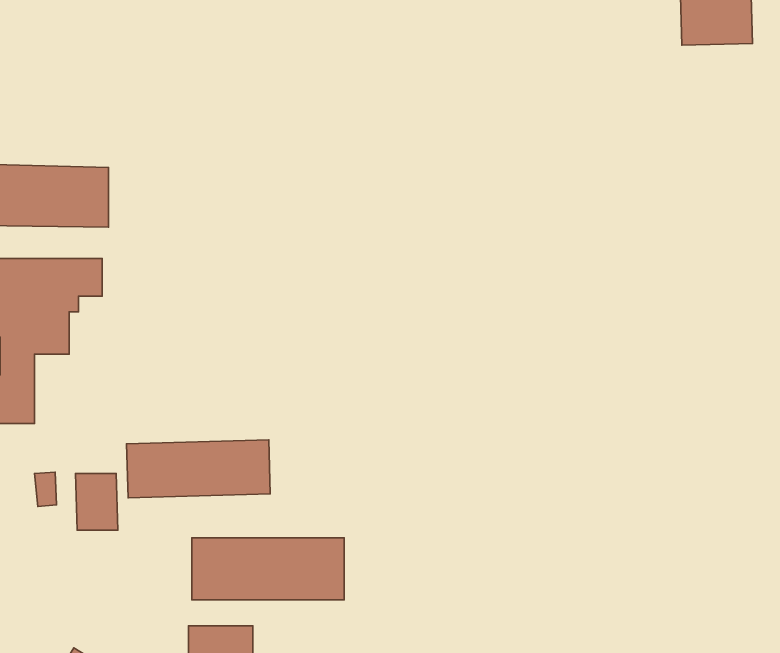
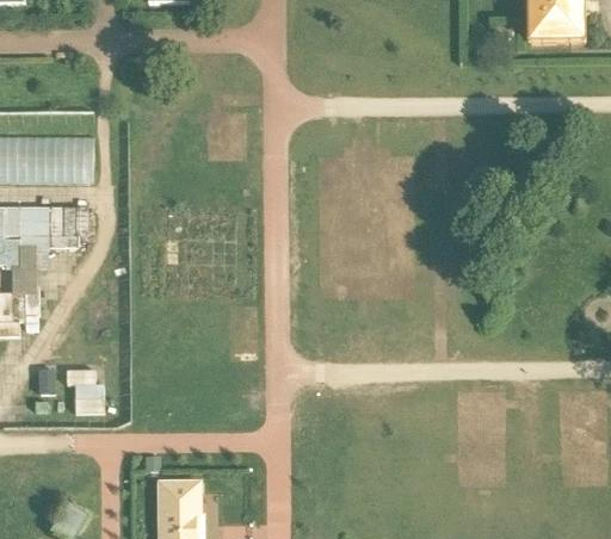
building: [127,440,270,498] -> none
building: [192,538,344,600] -> none

